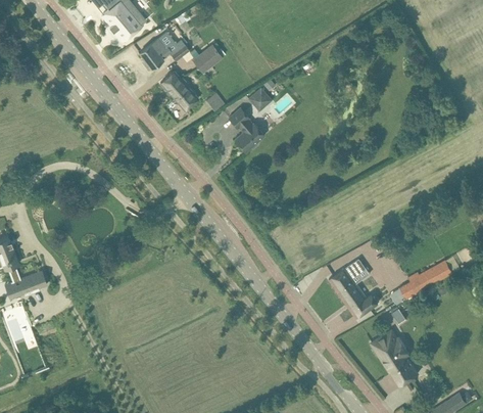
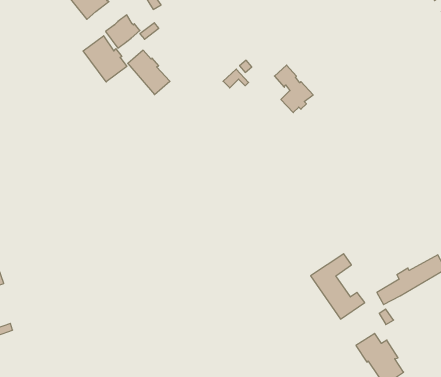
building: [192,43,223,73] -> none
building: none -> [83,36,127,82]
building: [229,107,264,151] -> [274,65,313,113]

